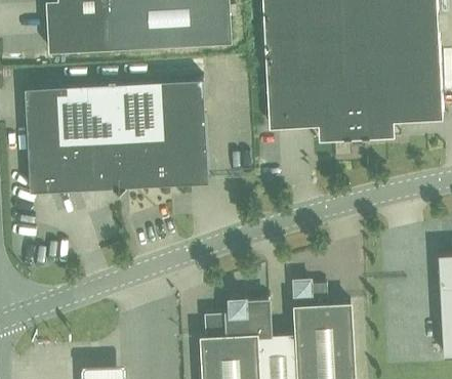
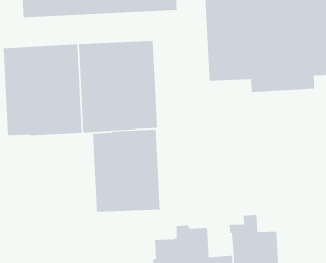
building: none -> [93,129,160,213]

